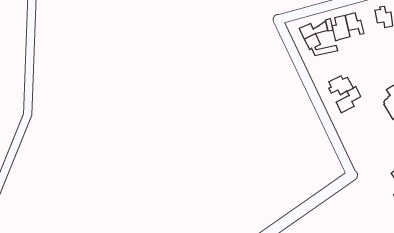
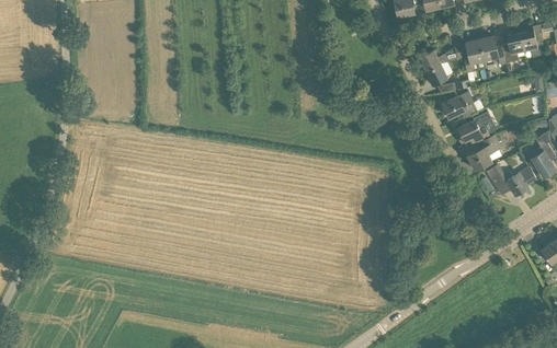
building: none -> [500,32,522,63]
building: none -> [441,96,475,119]
building: none -> [486,164,536,196]

